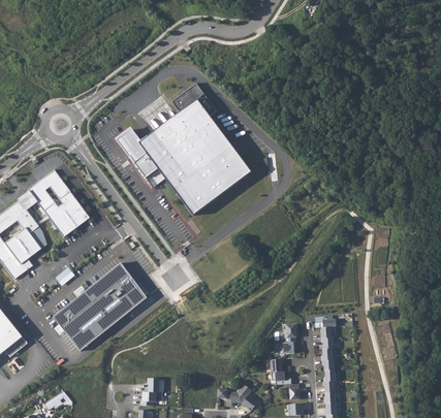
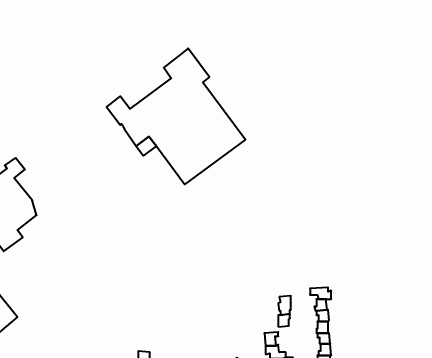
building: [27,169,90,237] -> none
building: [55,264,148,350] -> none

